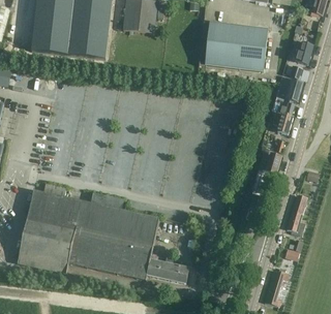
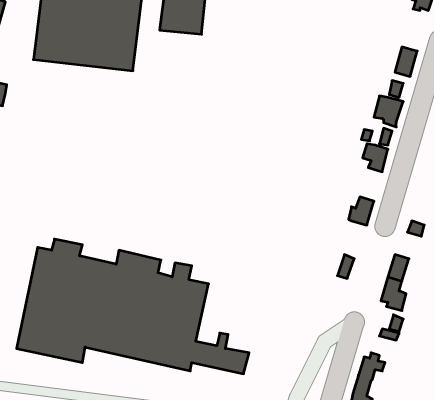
building: [200,20,268,71] -> none

